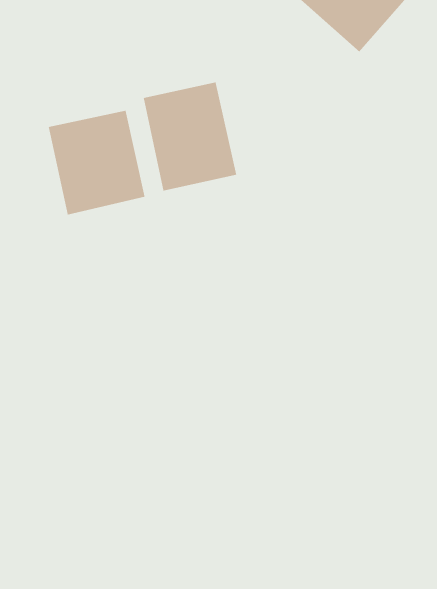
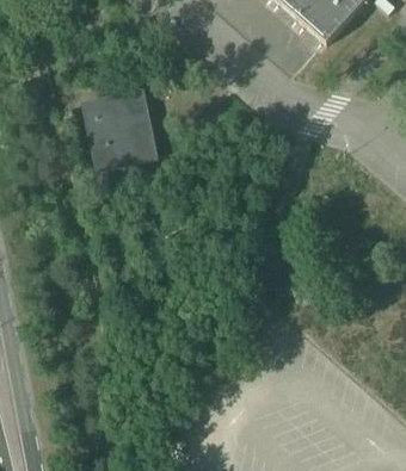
building: [143,82,237,192] -> none

